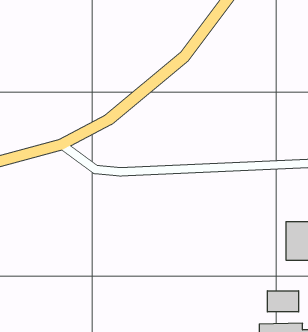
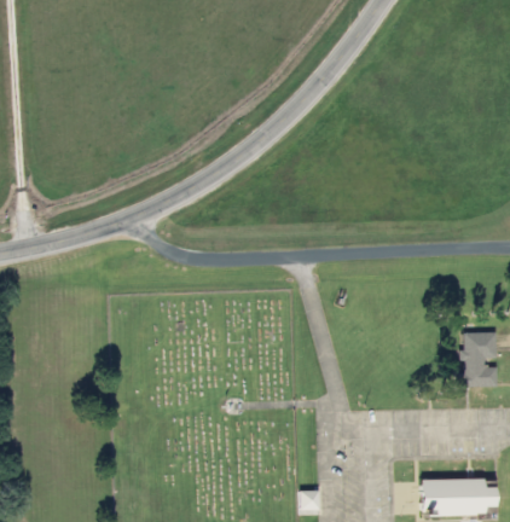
building: [267,291,299,312] -> none

